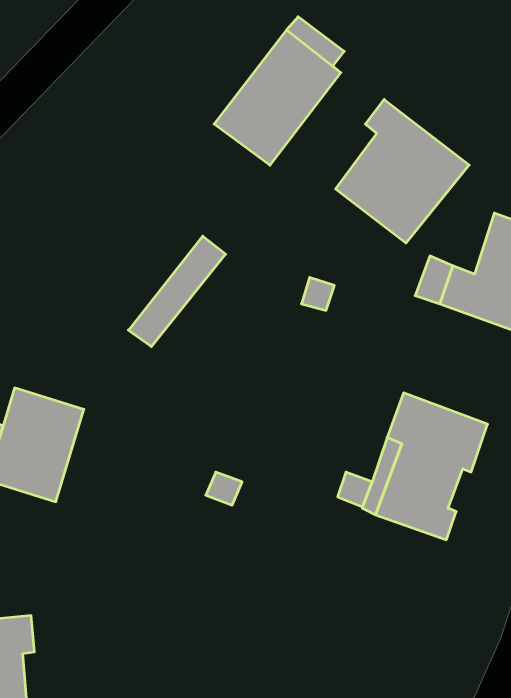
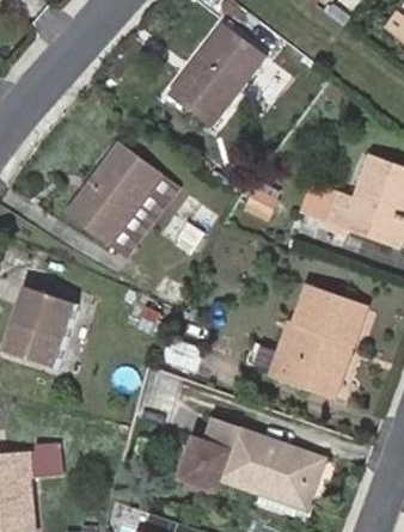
building: [336,99,469,243] -> none
building: none -> [66,142,160,243]
building: none -> [194,420,322,497]

